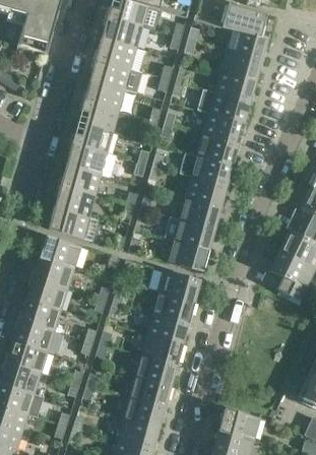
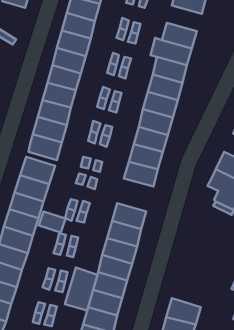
building: [219,49,262,80] -> none
building: [159,268,200,301] -> none
building: none -> [39,211,65,232]
building: none -> [65,267,97,310]

